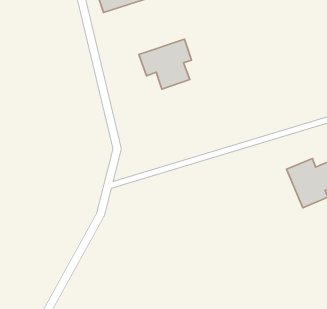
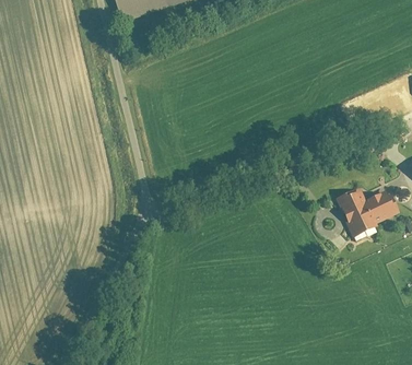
building: [139,39,192,89] -> none

